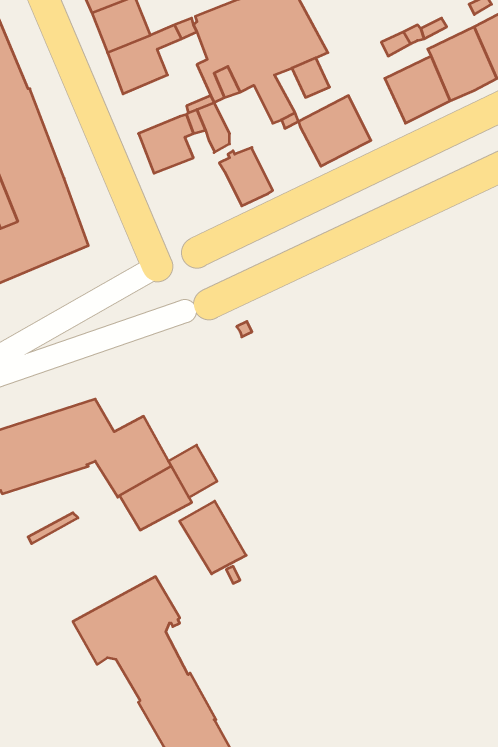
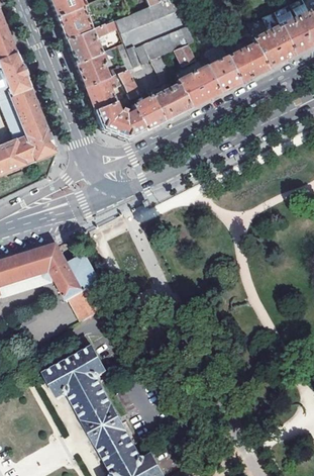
building: none -> [74,50,112,87]
building: none -> [206,54,239,91]
building: none -> [149,83,190,120]
building: none -> [92,101,143,138]
building: [168,445,217,498] -> none
building: [180,501,246,574] -> none

